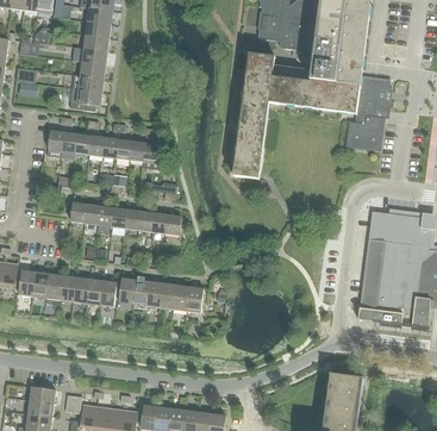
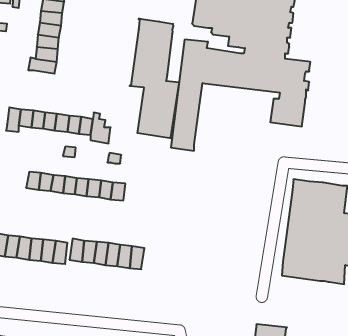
building: none -> [130,18,179,138]
building: [69,88,101,111] -> none

